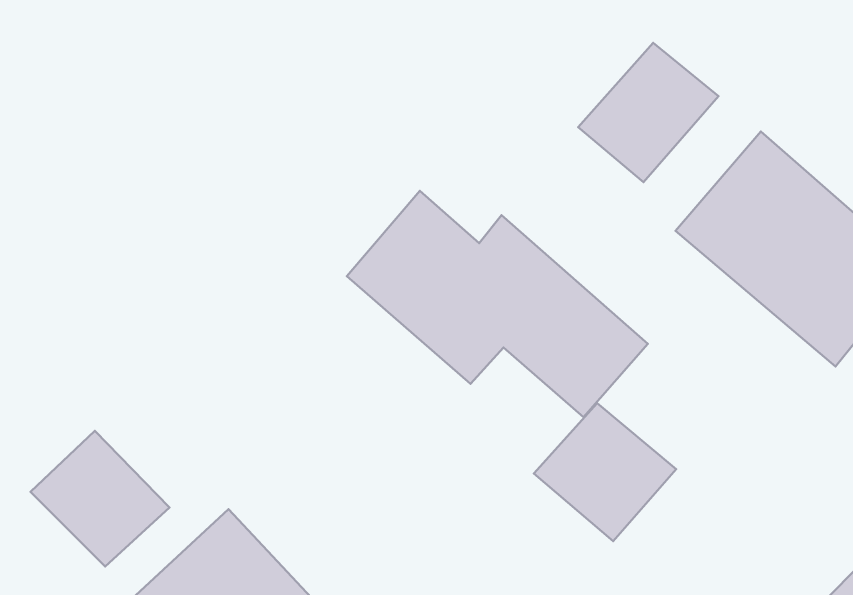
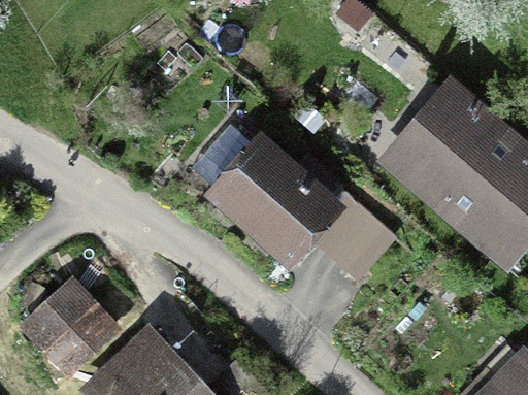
building: [578,43,718,182] -> none
building: [534,403,676,541] -> none

